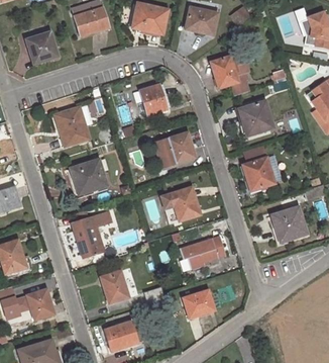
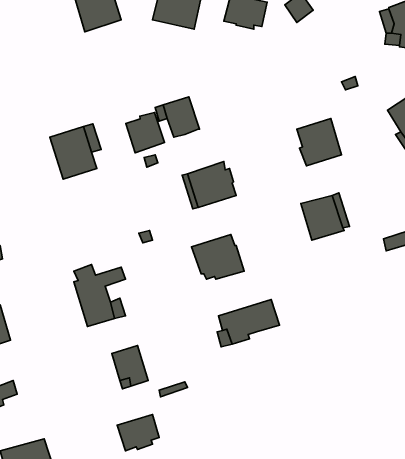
building: [26,31,59,63] -> none
building: [212,53,248,95] -> none
building: none -> [126,113,165,153]
building: [70,159,107,194] -> none
building: [271,206,306,240] -> none
building: [26,289,53,320] -> none
building: [183,290,213,315] -> none

